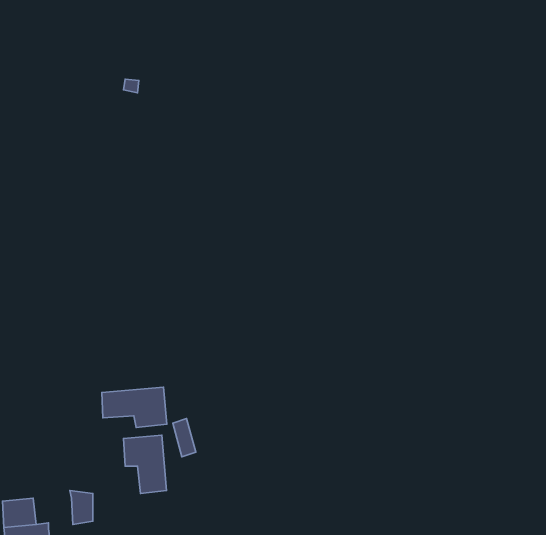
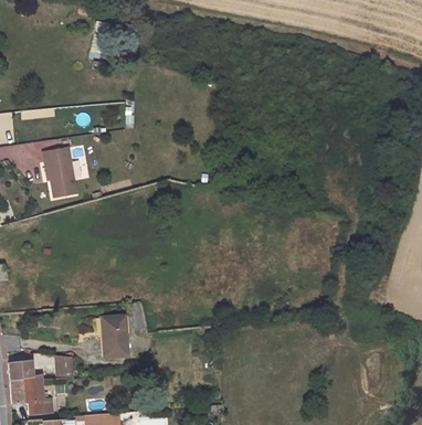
building: none -> [44,151,75,200]
building: [102,387,167,427] -> none

